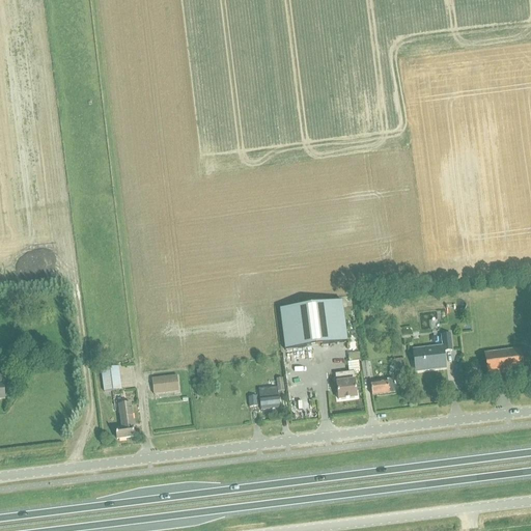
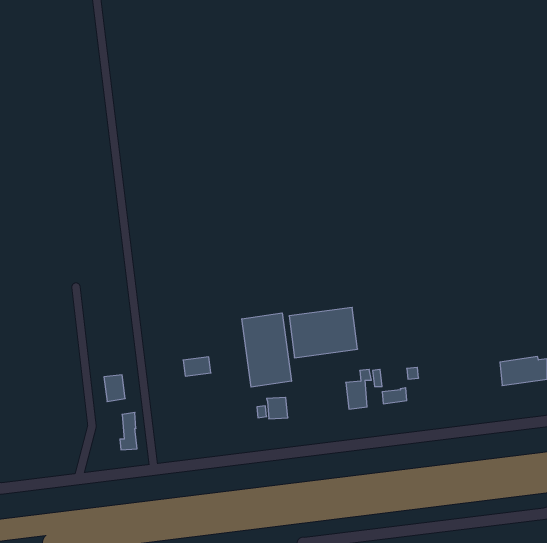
building: none -> [242,313,291,387]
building: [413,332,451,368] -> none
building: [151,371,178,390] -> [183,357,211,376]

